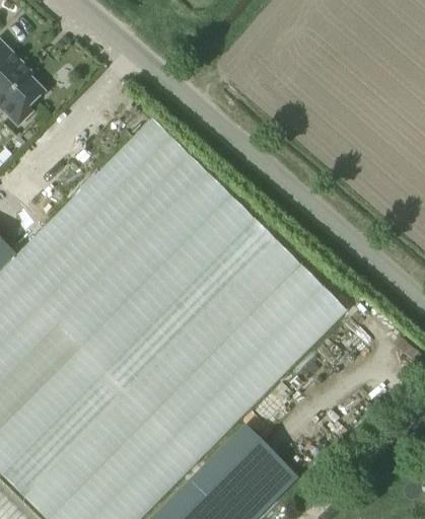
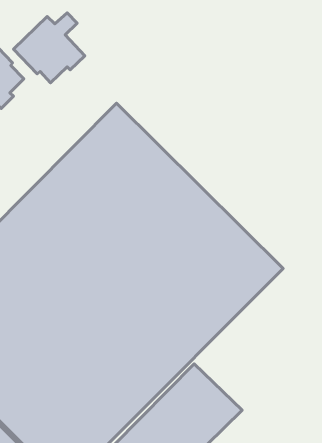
building: none -> [13,13,85,83]

